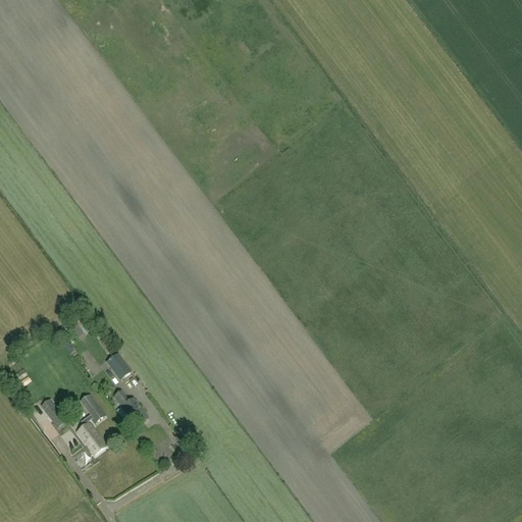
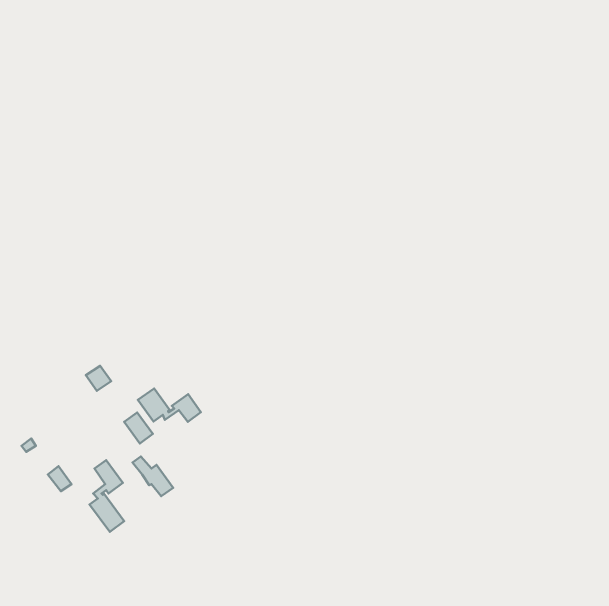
building: none -> [138,388,201,422]

